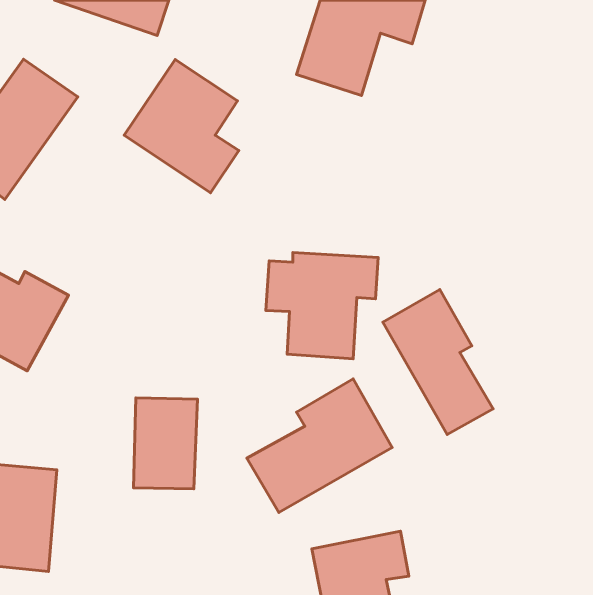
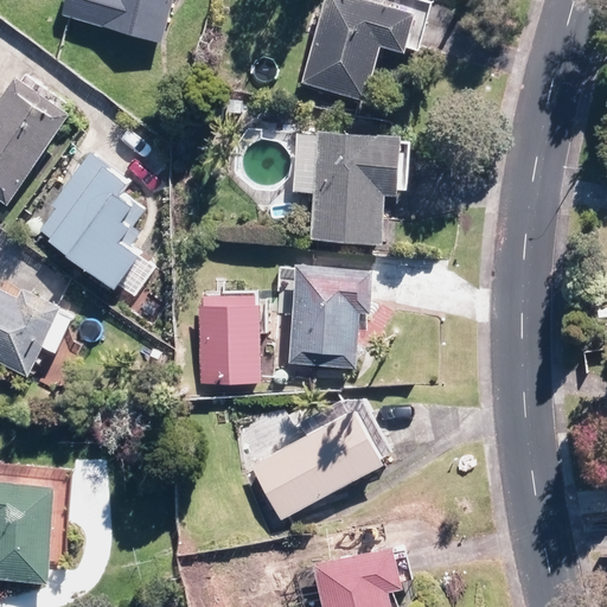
building: [124,59,239,193] -> [37,156,152,290]
building: none -> [290,124,407,243]
building: [383,289,493,434] -> none
building: [134,398,197,489] -> [194,295,258,386]

